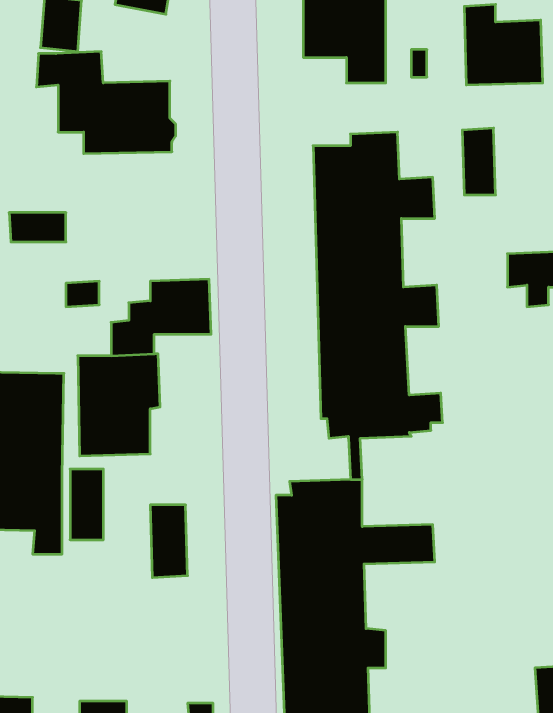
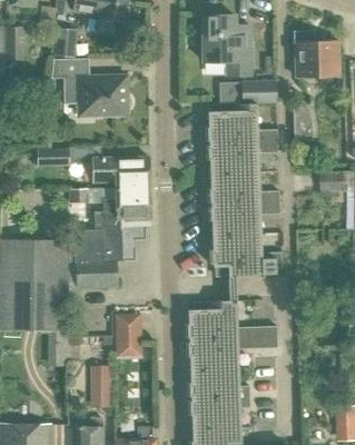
building: none -> [241,81,276,103]
building: none -> [93,156,150,188]
building: [70,469,103,540] -> [91,366,110,406]

